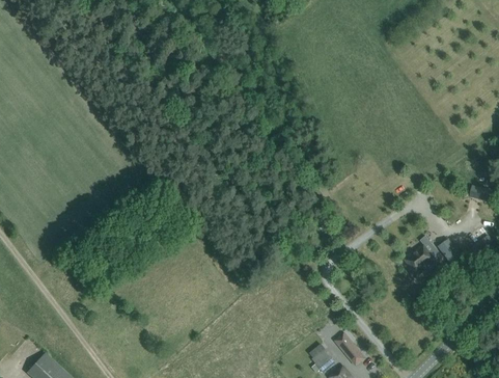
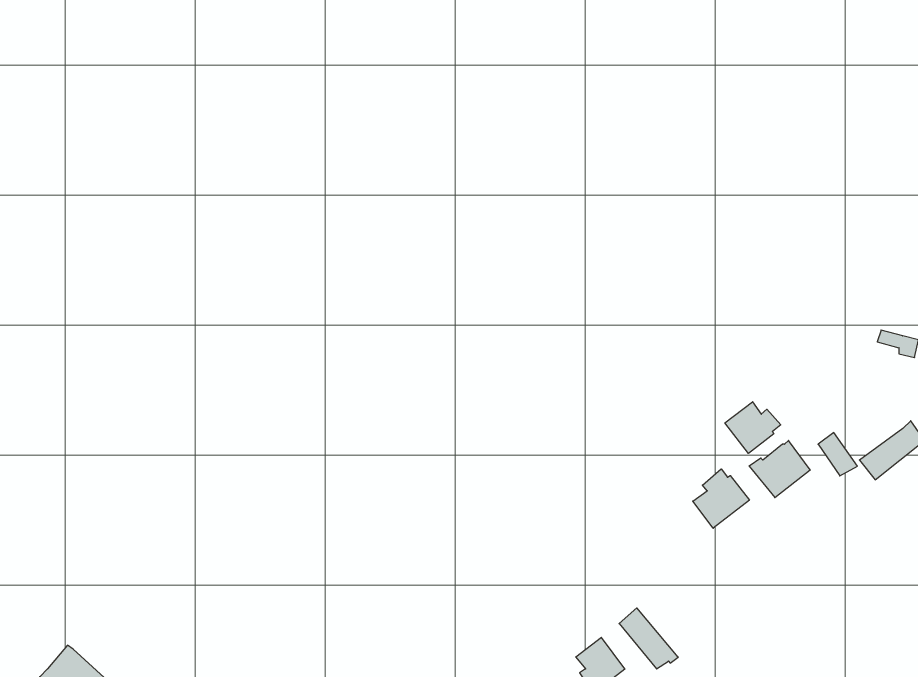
building: none -> [725,402,781,453]
building: none -> [693,469,749,528]

